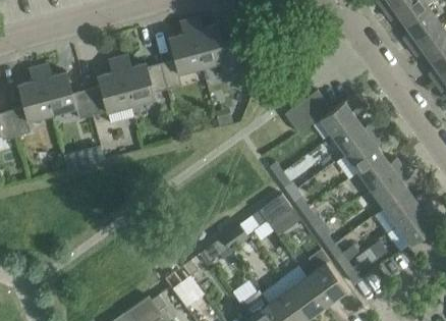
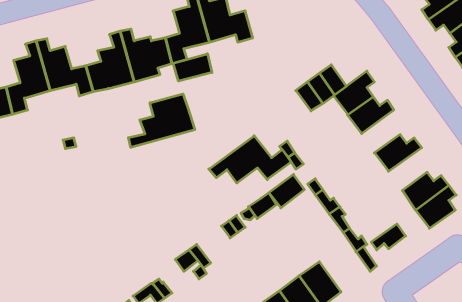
building: none -> [173,54,212,81]
building: none -> [128,94,195,147]
building: [346,132,384,173] -> none
building: none -> [209,136,291,183]
building: [372,168,409,209] -> none
building: [306,249,346,305] -> none

